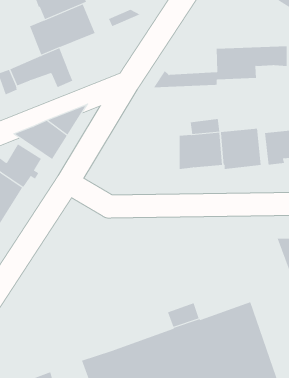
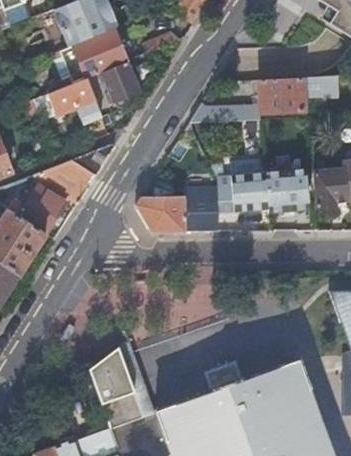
building: none -> [87,61,139,107]
building: none -> [138,187,220,231]
building: none -> [90,346,144,426]

